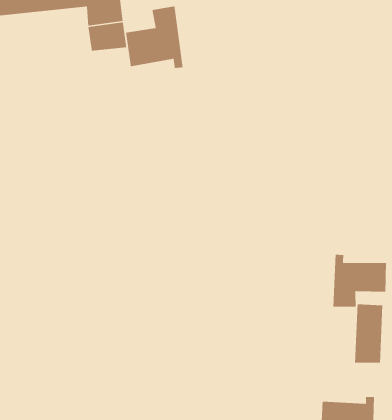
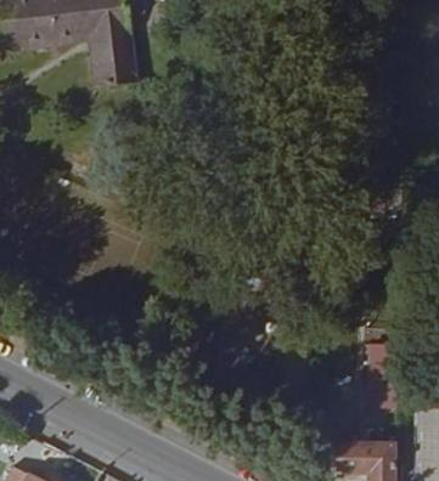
building: [125,5,184,69] -> none
building: [333,254,387,308] -> none

